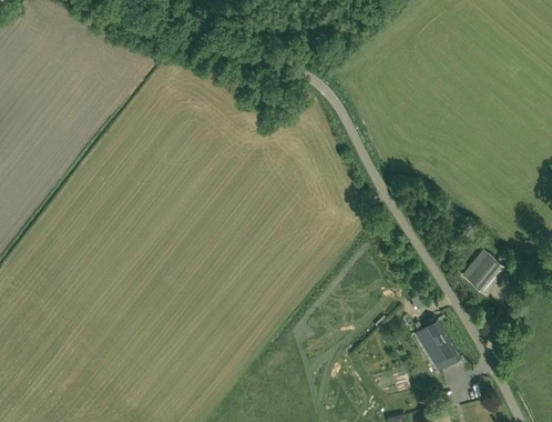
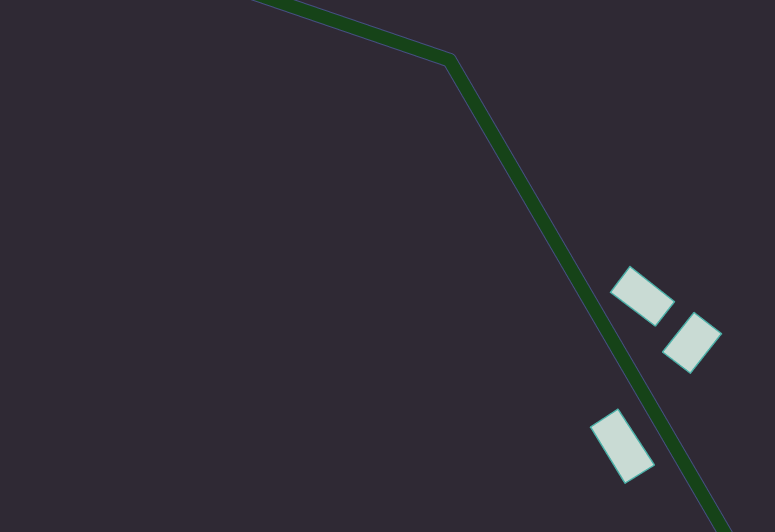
building: none -> [610,266,674,326]

